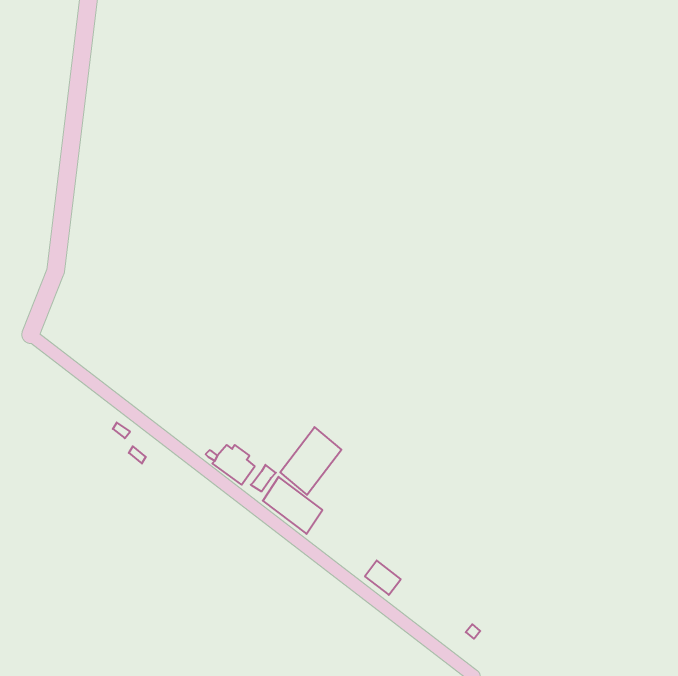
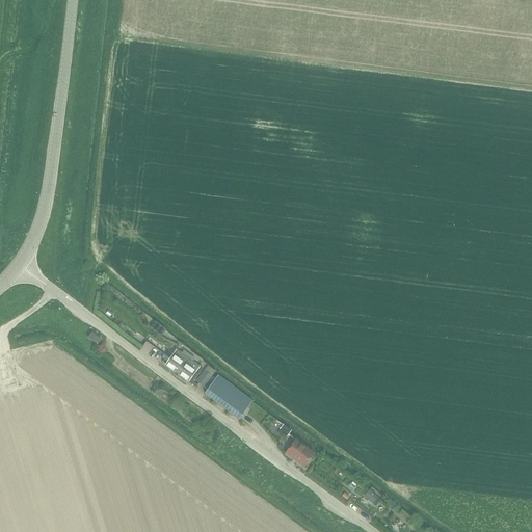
building: [280,427,341,495] -> none

